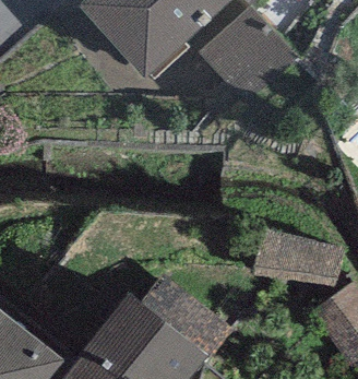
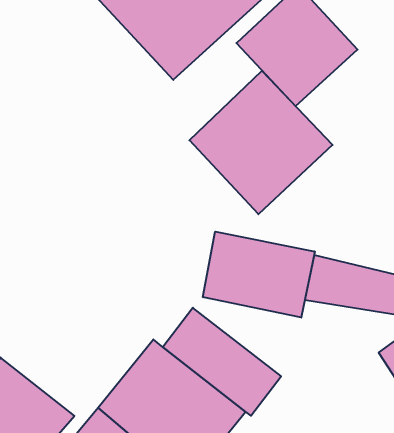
building: none -> [189,71,333,214]
building: none -> [203,232,315,318]

